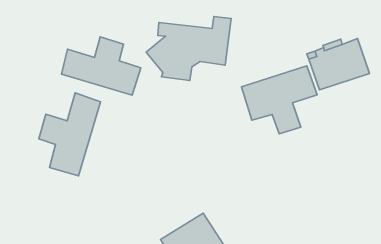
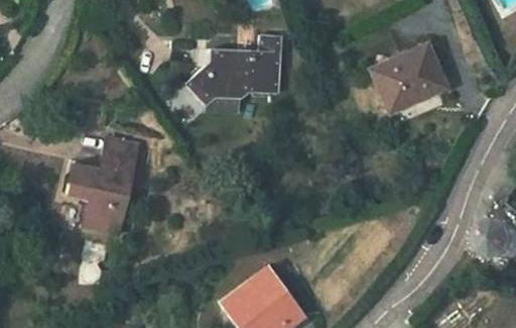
building: [61,37,141,95] -> none
building: [242,66,317,134] -> none

